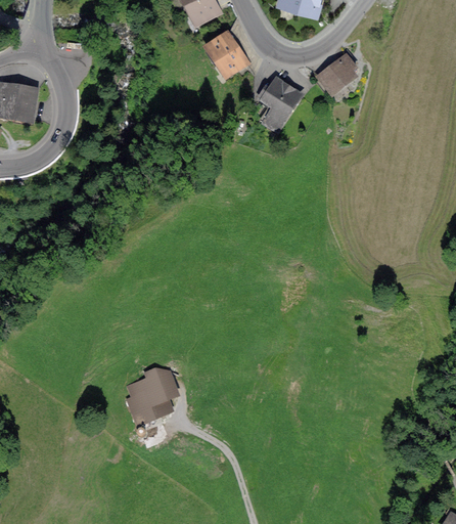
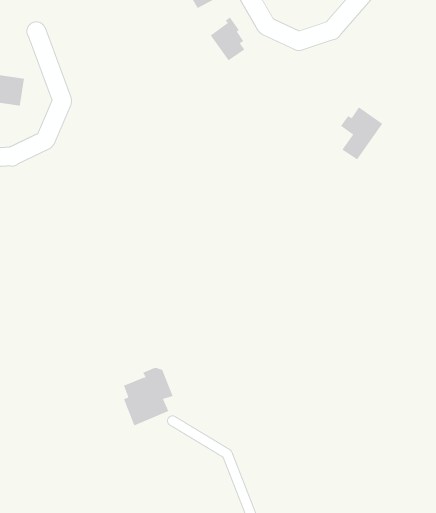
building: [320,56,355,93] -> none
building: [259,80,300,131] -> [340,107,383,160]

